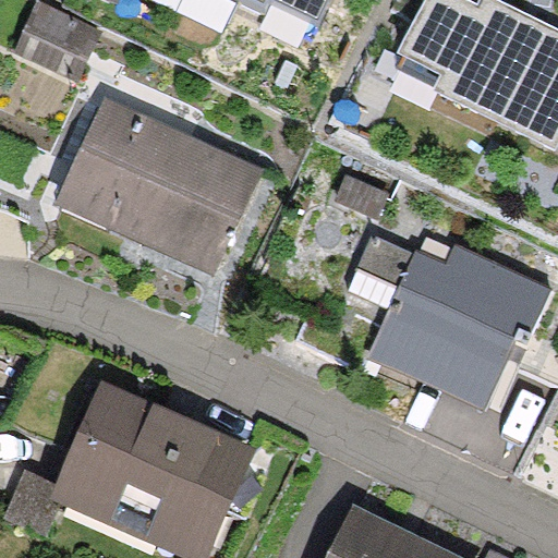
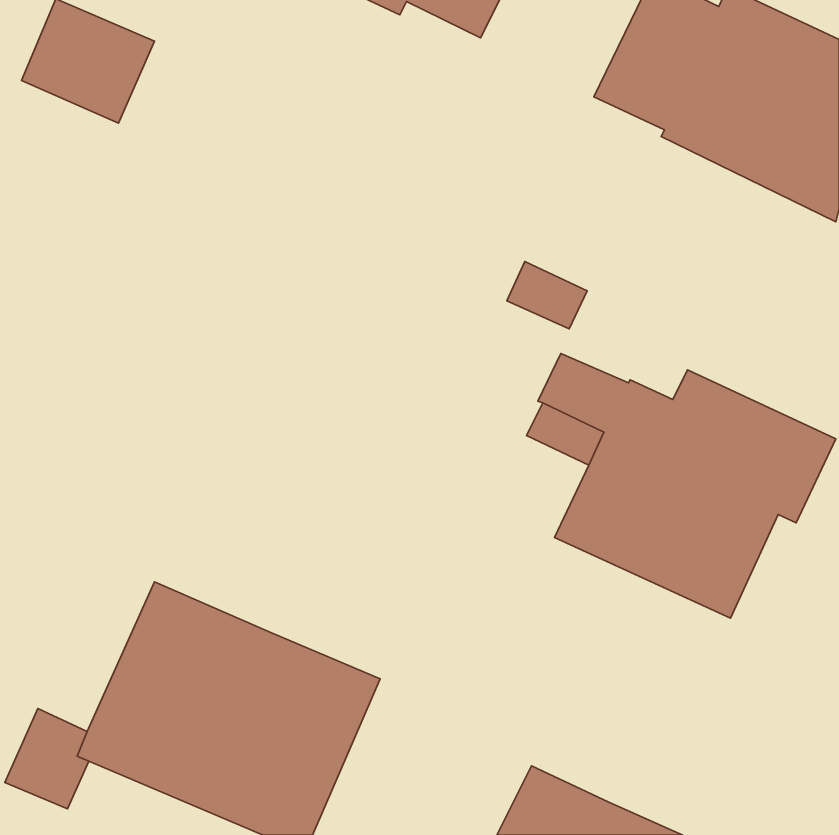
building: [53,96,263,278] -> none

